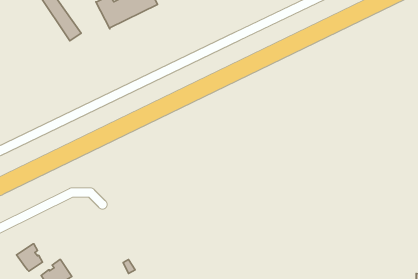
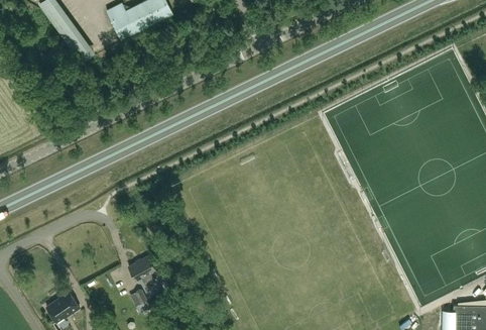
building: none -> [127,257,154,289]
building: [16,244,43,271] -> none

